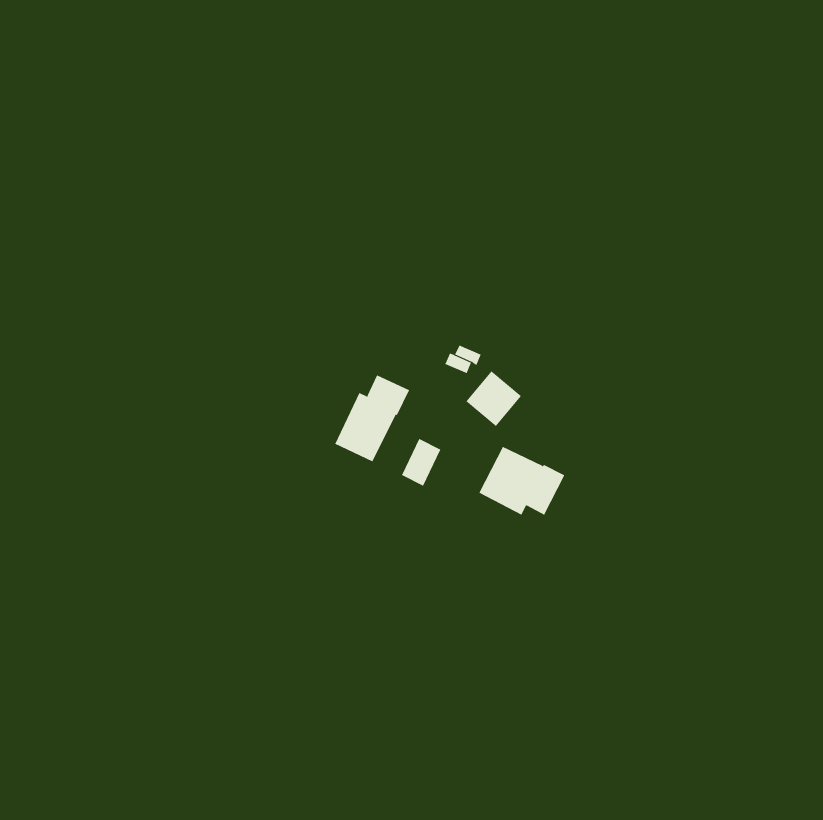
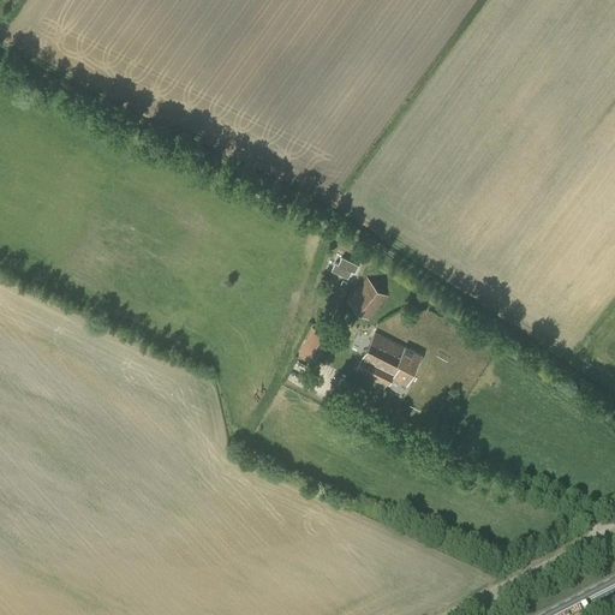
building: [334,374,410,462] -> none

